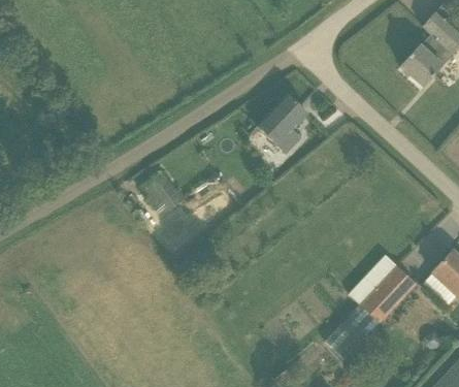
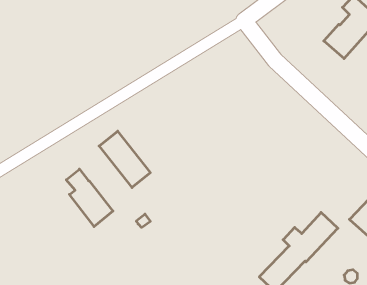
building: [257,92,307,153] -> none
building: none -> [66,169,113,227]

